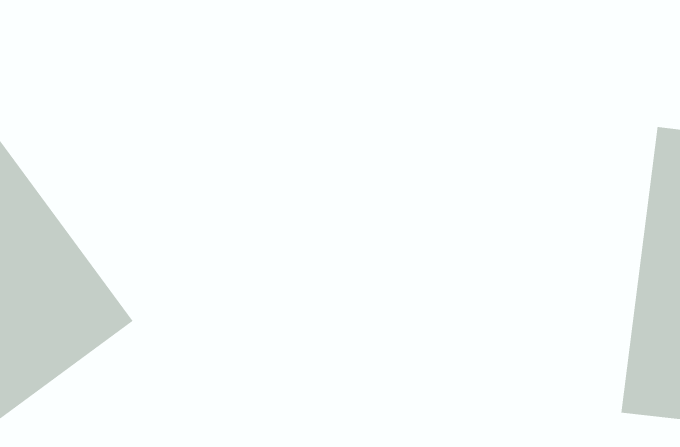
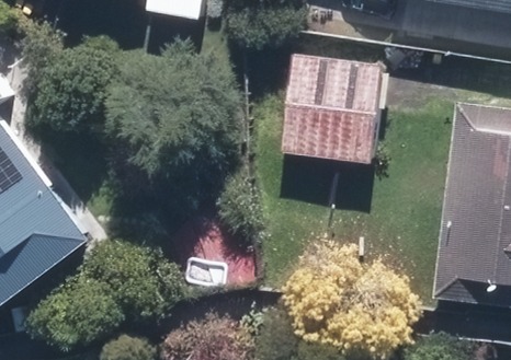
building: none -> [283,56,386,167]

